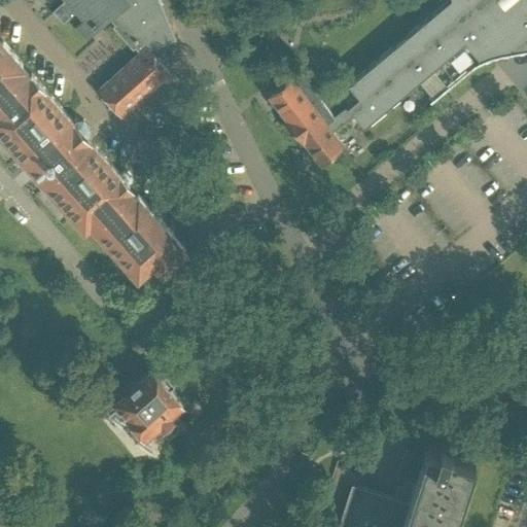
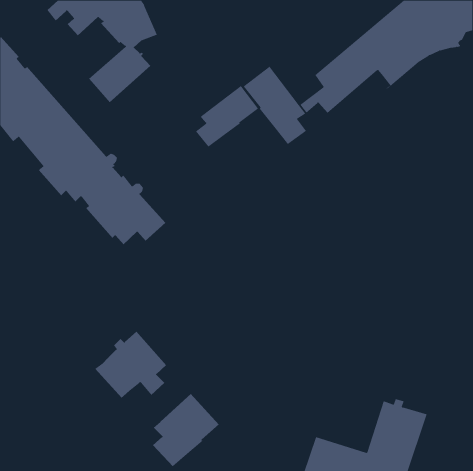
building: none -> [195,85,259,147]
building: none -> [152,393,220,467]

